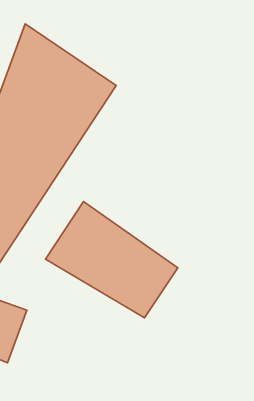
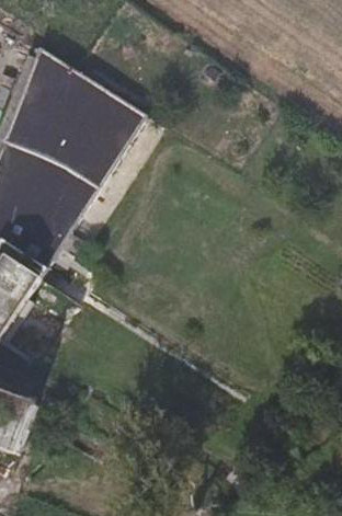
building: [46,202,178,318] -> none

